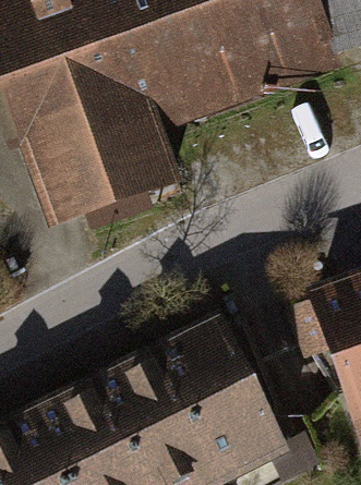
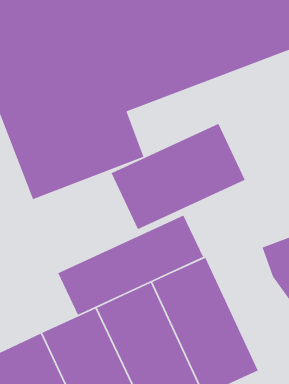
building: none -> [111,123,246,230]
building: none -> [57,214,204,316]

